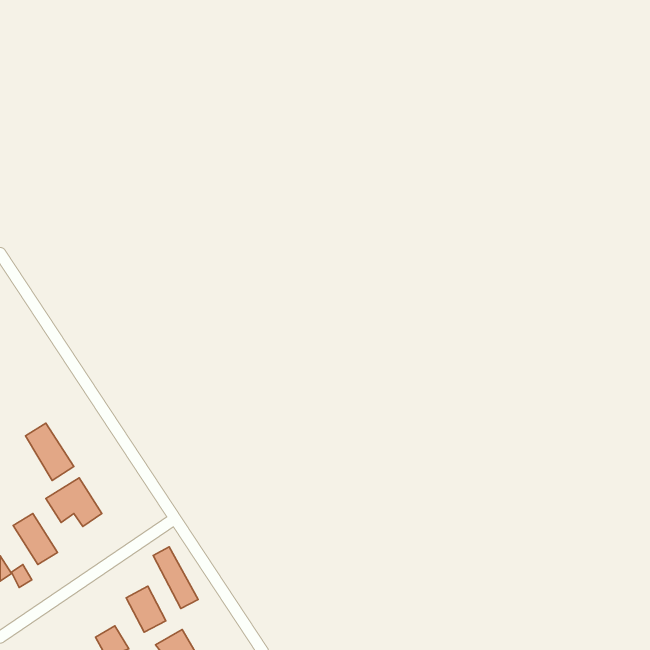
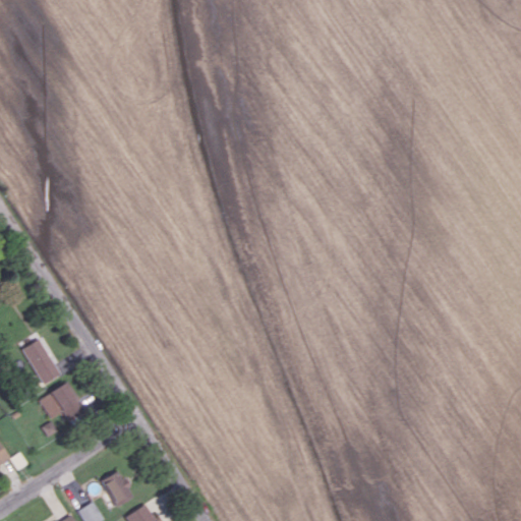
building: [13,513,57,564] -> none
building: [153,547,198,609] -> none

